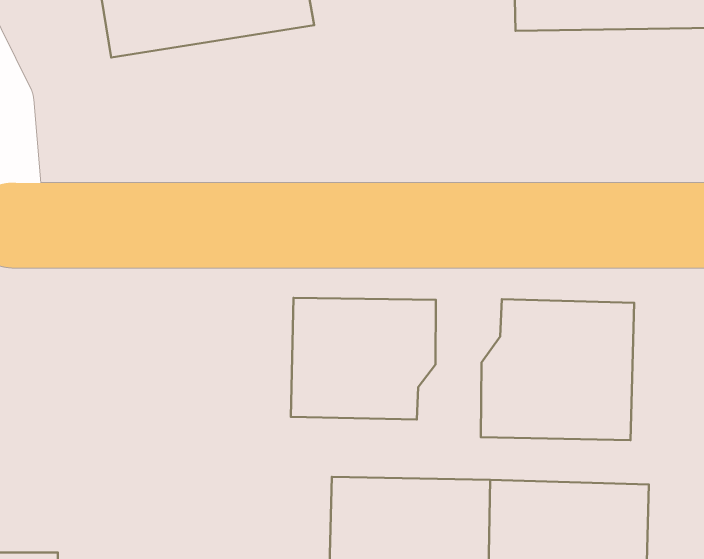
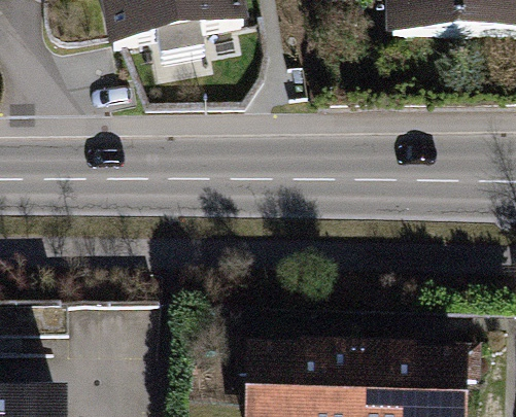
building: [291,298,436,419] -> none
building: [481,299,634,440] -> none

